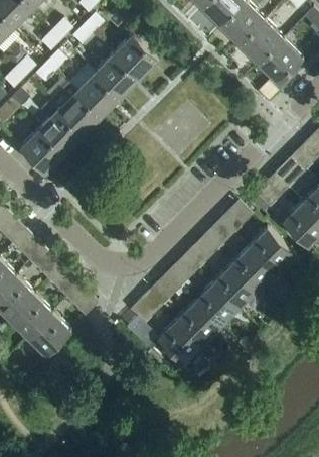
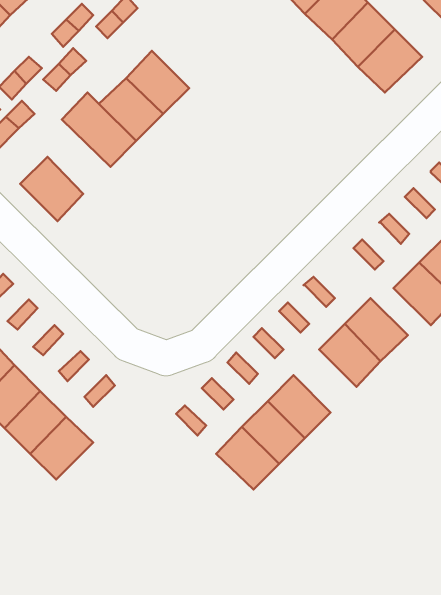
building: [113,35,158,81] -> none
building: [39,103,84,155] -> none
building: [212,265,257,310] -> none

